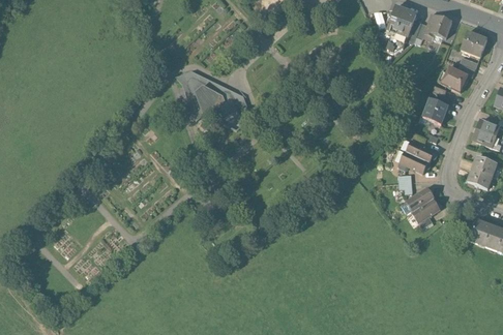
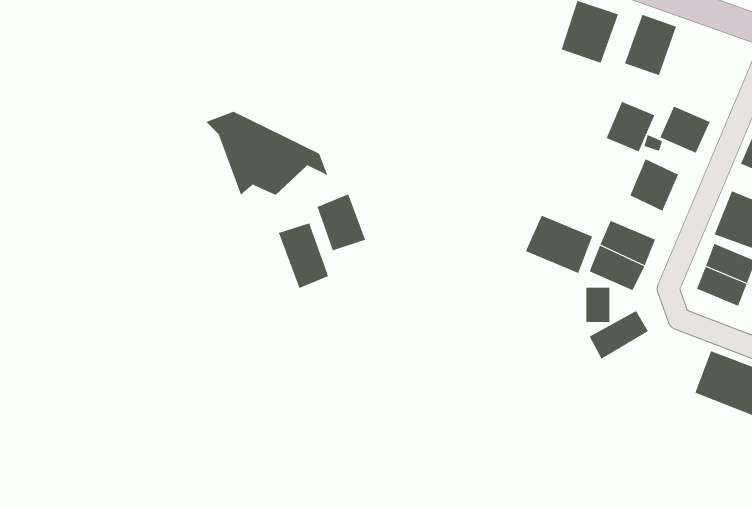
building: [458,30,487,60] -> [606,101,655,152]
building: none -> [317,194,366,251]
building: none -> [525,215,593,274]
building: none -> [278,222,329,289]
building: [407,199,442,227] -> none

